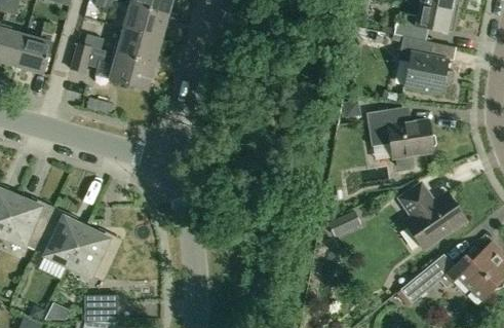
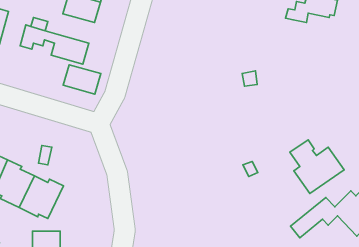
building: [114,29,160,65] -> [63,65,101,94]
building: [399,36,454,94] -> none
building: [366,108,436,169] -> none

